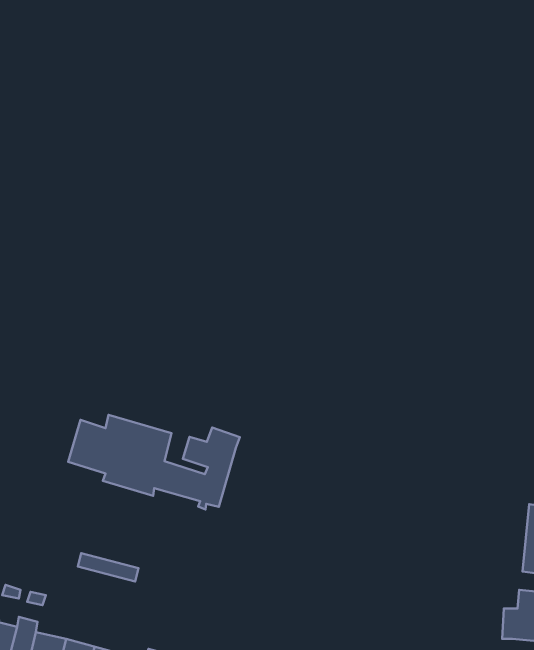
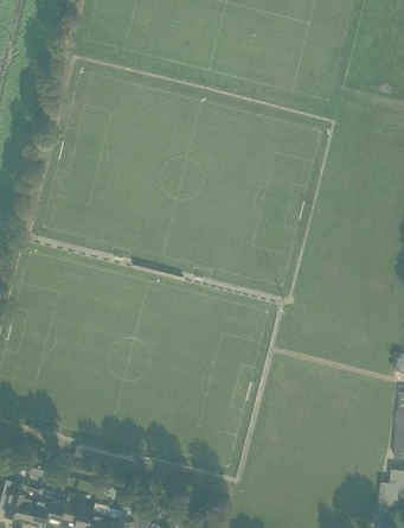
building: [68,415,240,510] -> none

